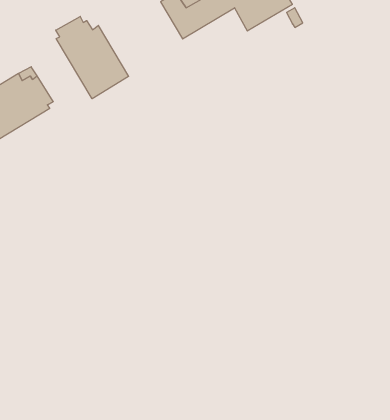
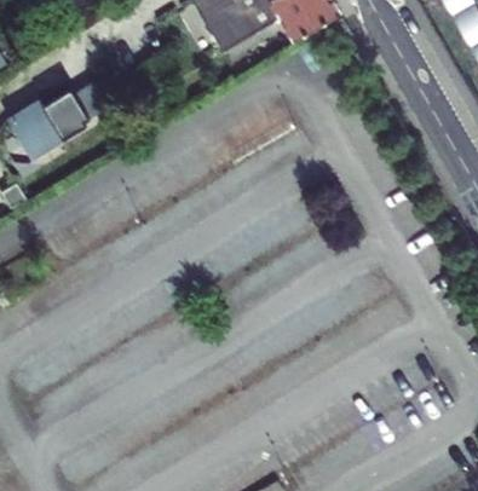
building: [56,16,129,99] -> none

